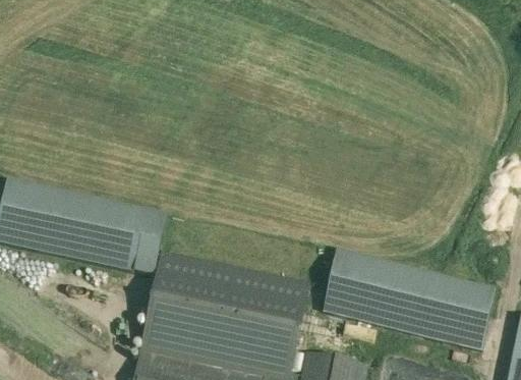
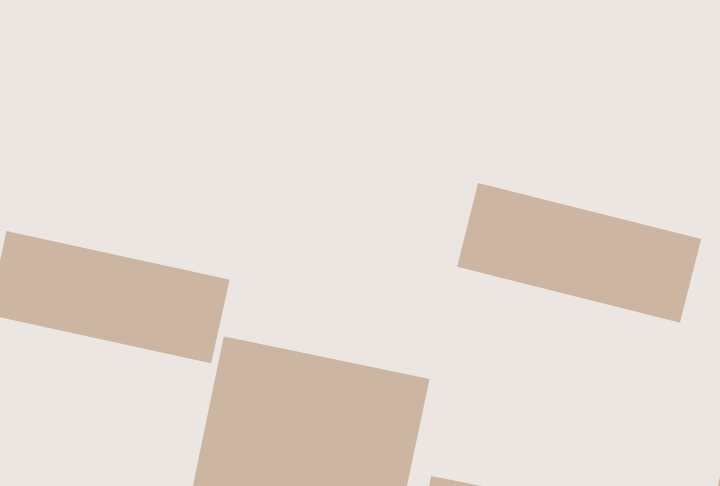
building: [322,249,496,348] -> [456,182,702,323]

